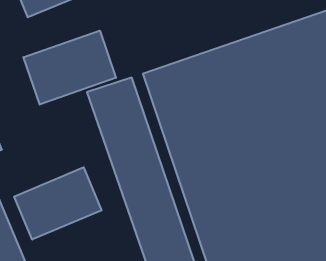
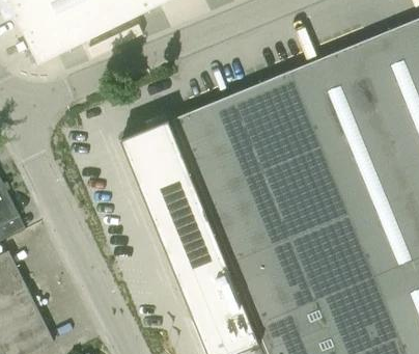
building: [23,31,116,105] -> none
building: [14,167,102,240] -> none

